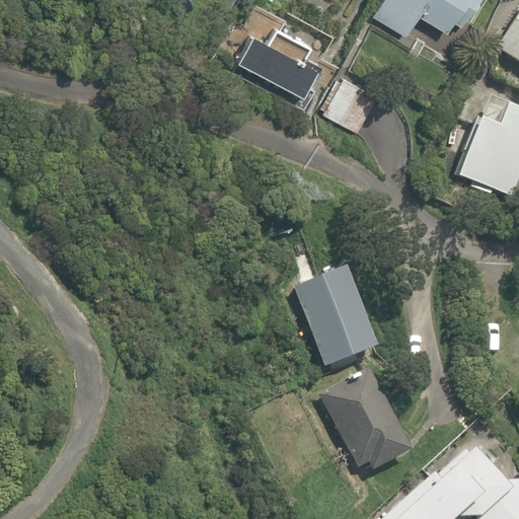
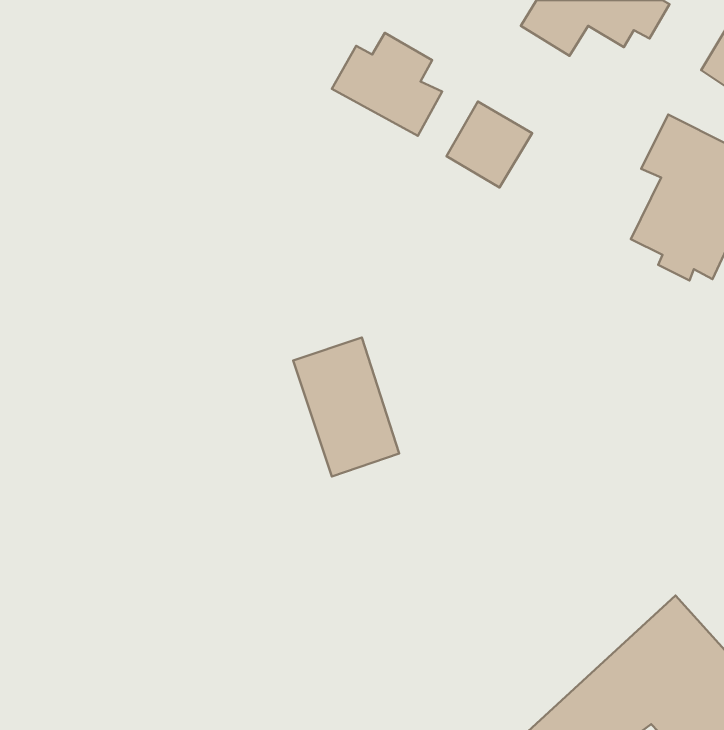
building: [300,267,375,365] -> [293,338,399,476]
building: [322,373,409,471] -> none

